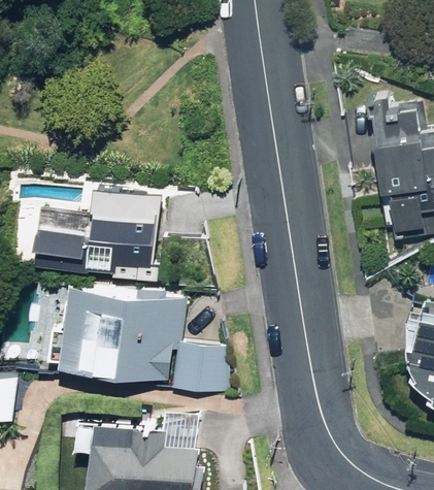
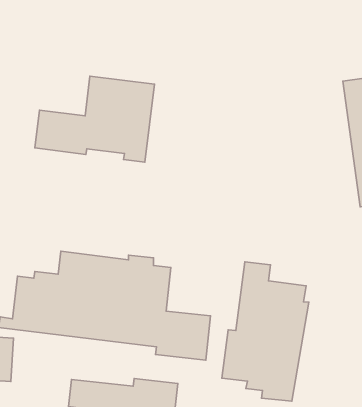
building: [34,193,162,285] -> [35,76,155,162]
building: none -> [222,262,309,401]

